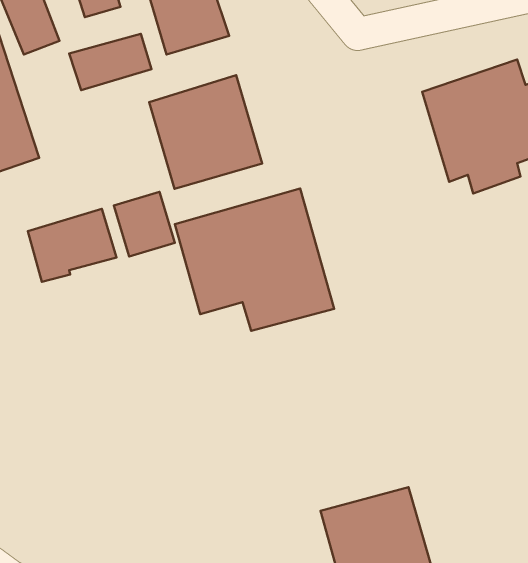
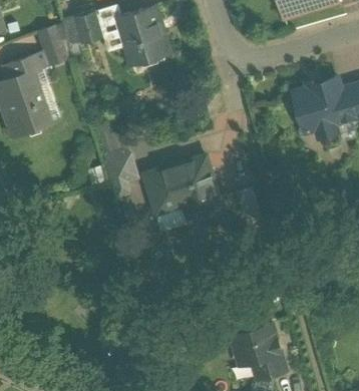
building: [69,34,151,90] -> none
building: [149,75,262,189] -> none
building: [28,209,116,282] -> none

